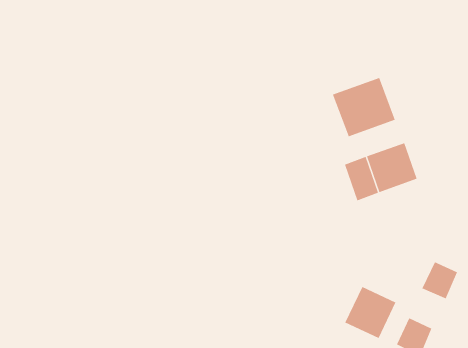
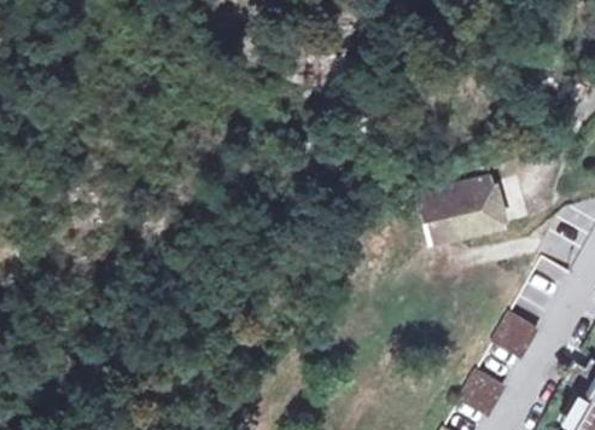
building: [332,77,395,137] -> none
building: [345,286,396,339] -> none

